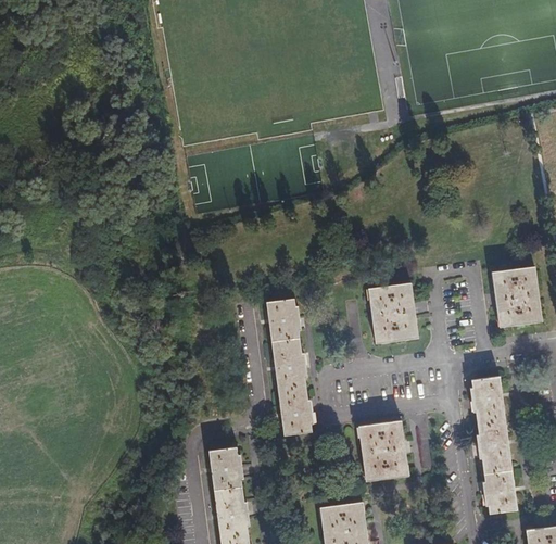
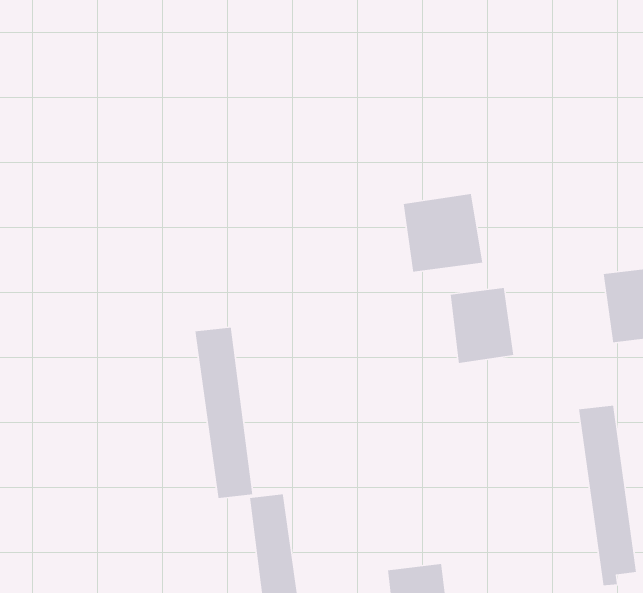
building: none -> [403,193,483,273]
building: [266,299,313,435] -> [195,327,253,499]
building: [358,421,409,481] -> none

